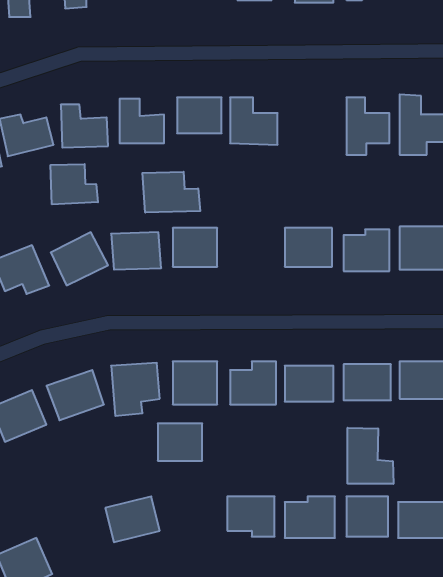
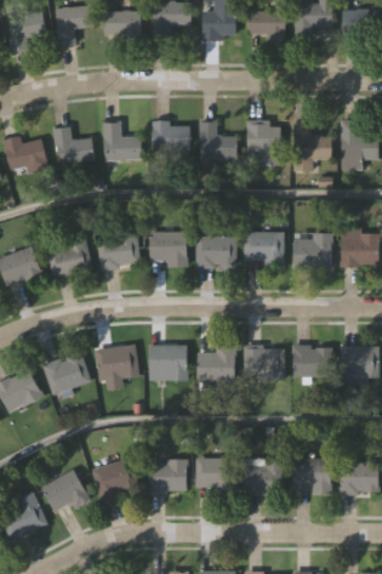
building: none -> [247,124,281,165]
building: [51,164,98,204] -> none
building: [142,172,200,213] -> none
building: none -> [195,237,235,267]
building: [158,423,202,461] -> [148,460,186,491]
building: [348,428,393,484] -> none
building: none -> [40,470,89,517]

